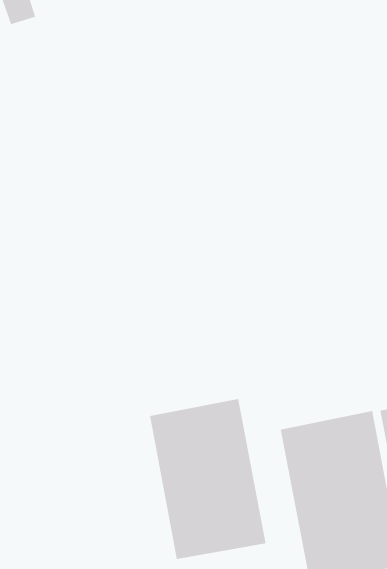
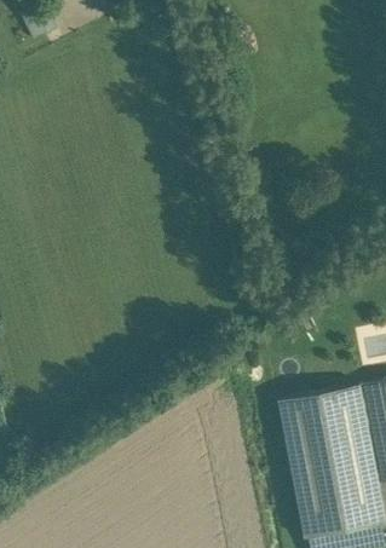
building: [149,398,266,560] -> none

